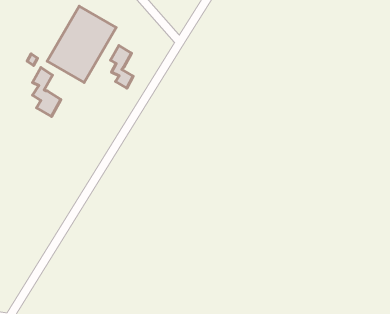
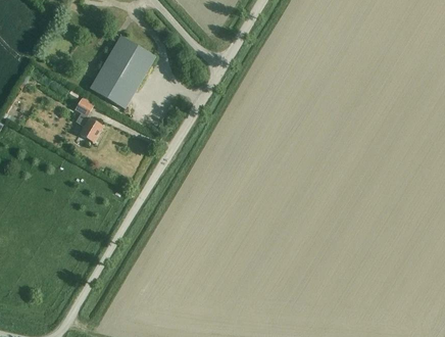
building: [110,46,133,88] -> none

